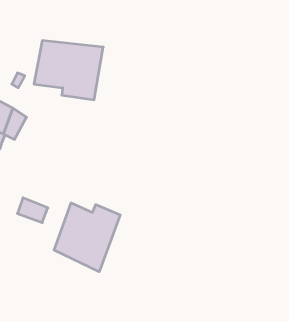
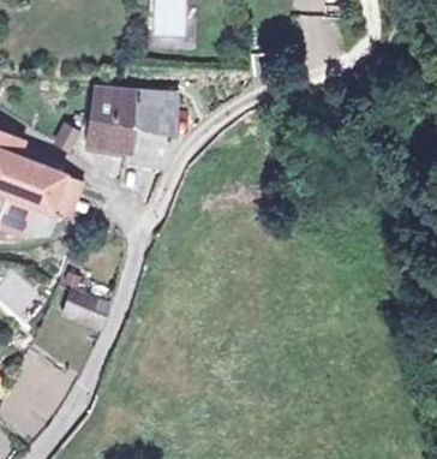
building: [54,203,120,272] -> none

